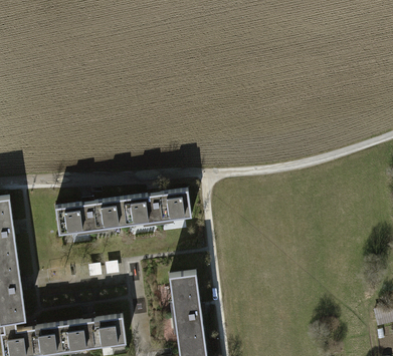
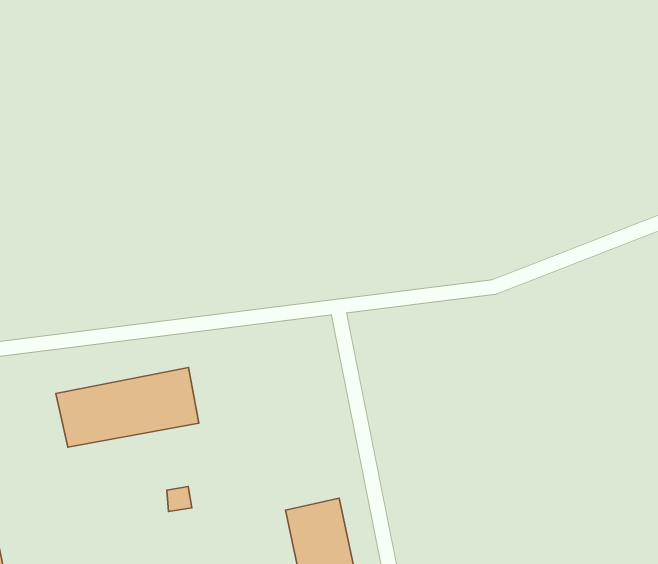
building: [125,192,192,228] -> none

